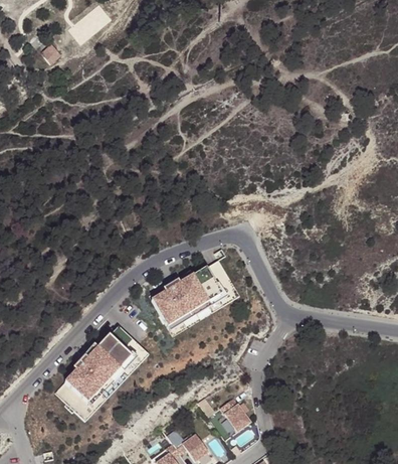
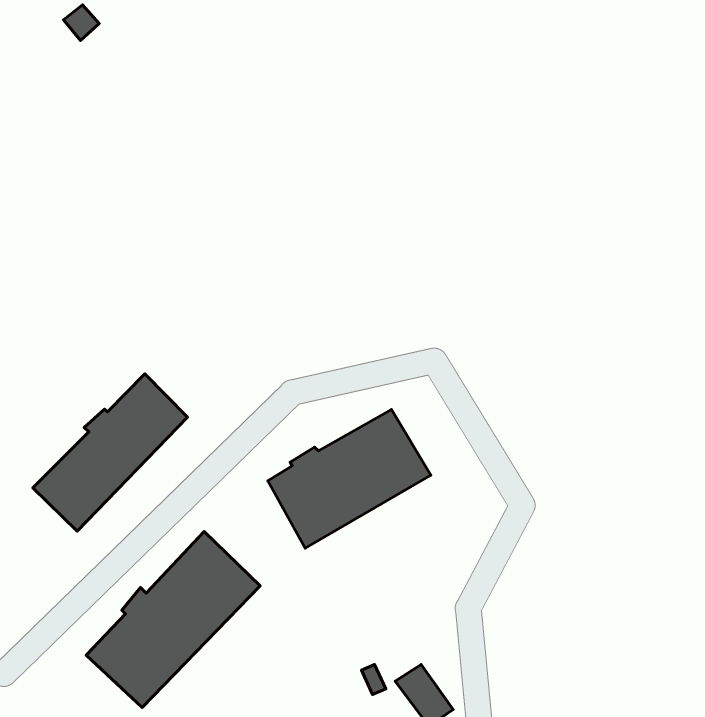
building: none -> [33,374,187,531]

